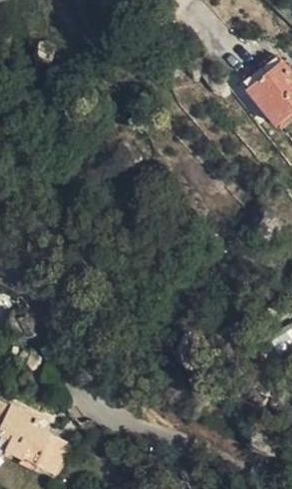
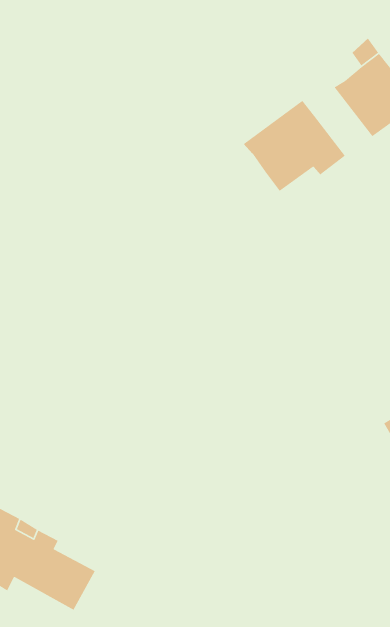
building: none -> [243,100,346,192]

